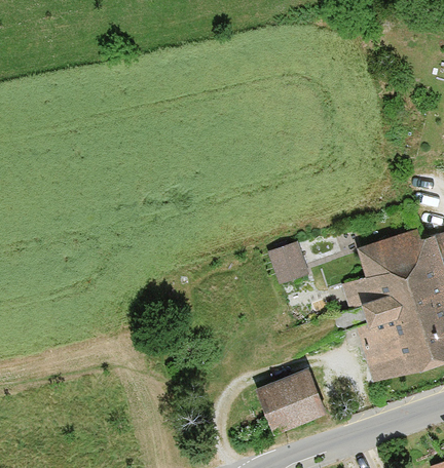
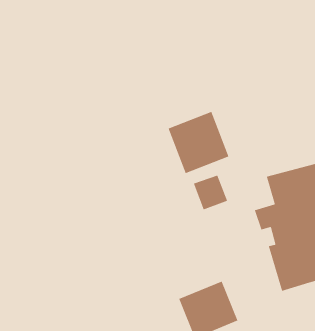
building: none -> [168,111,229,174]

